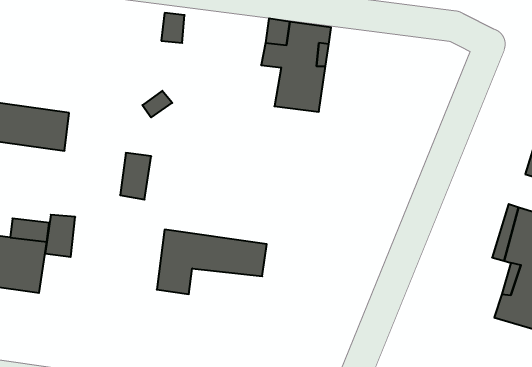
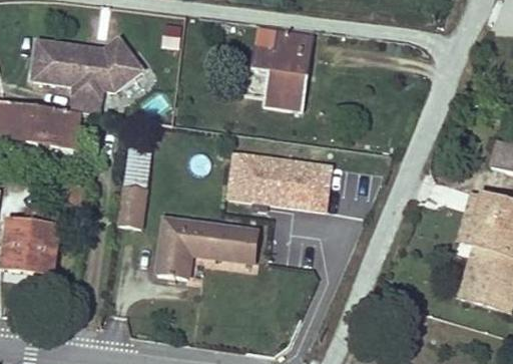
building: none -> [32,37,142,113]
building: none -> [228,155,333,207]
building: [45,215,75,257] -> [118,189,145,227]

